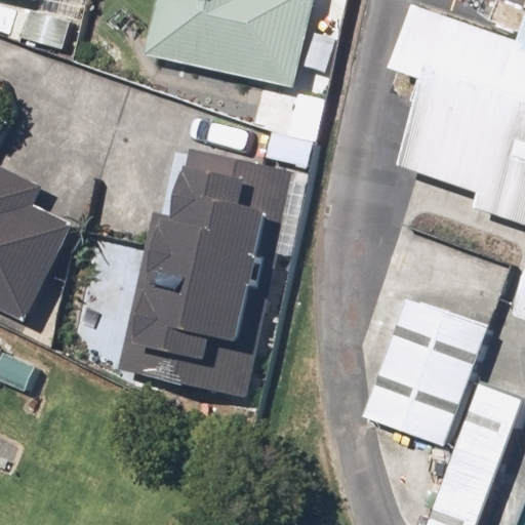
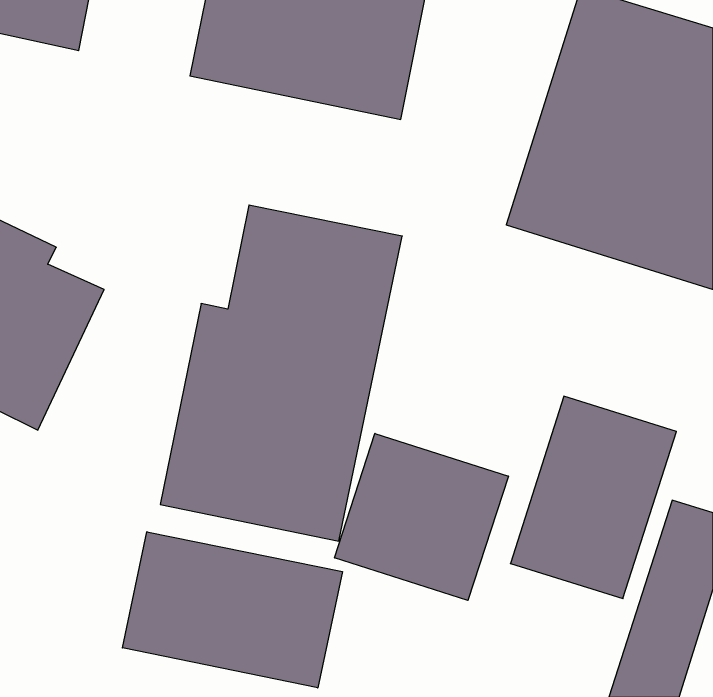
building: none -> [335,433,508,600]
building: none -> [122,532,342,688]

